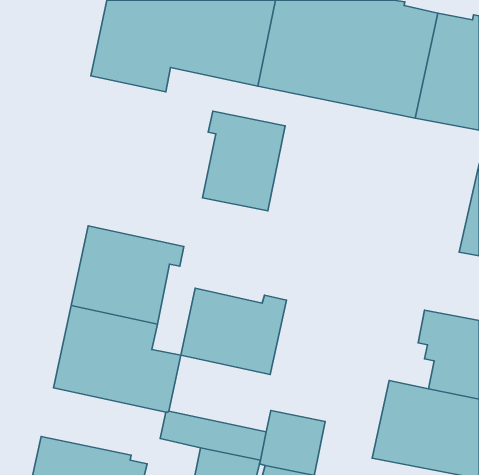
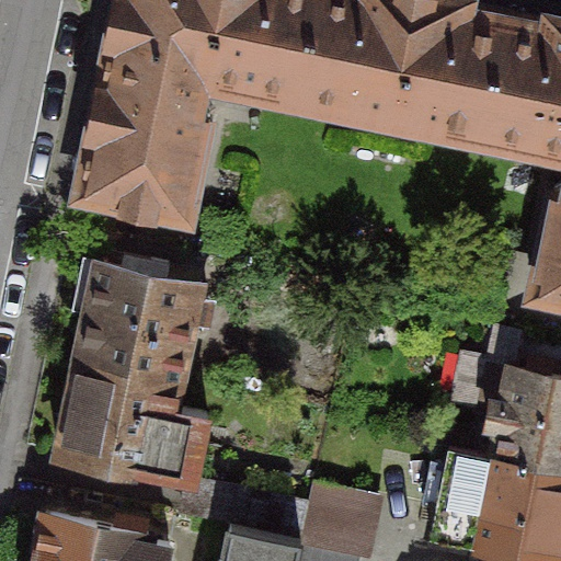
building: none -> [78,93,210,221]
building: [202,111,285,211] -> none
building: [181,288,286,375] -> none

